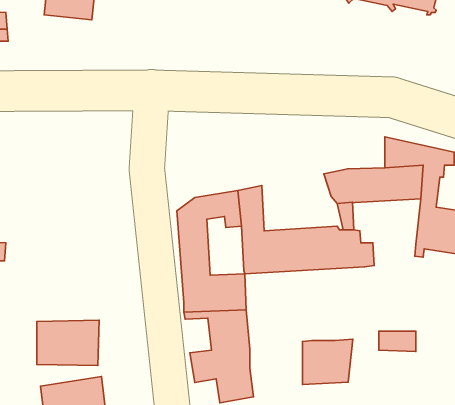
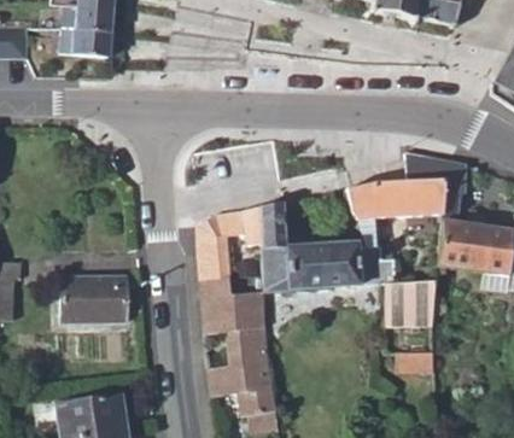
building: none -> [62,28,112,57]
building: [37,320,99,366] -> [66,274,129,320]
building: [303,339,353,385] -> [387,280,438,326]

